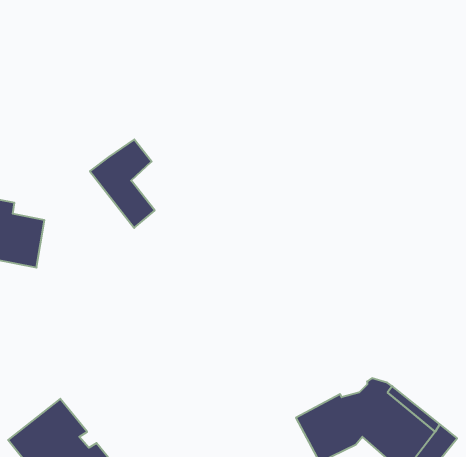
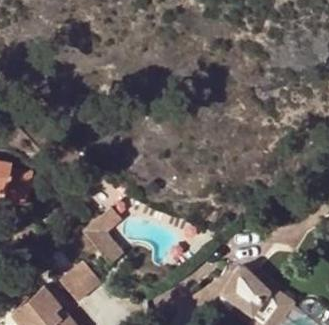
building: [90,139,155,228] -> [85,208,126,264]
building: none -> [61,261,102,302]

